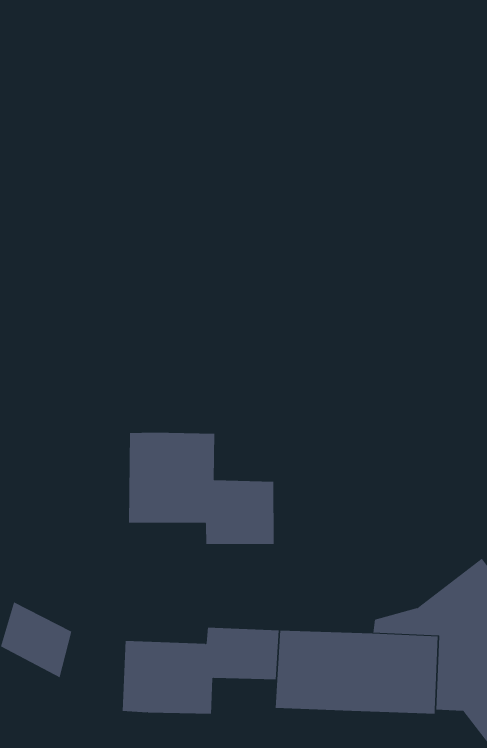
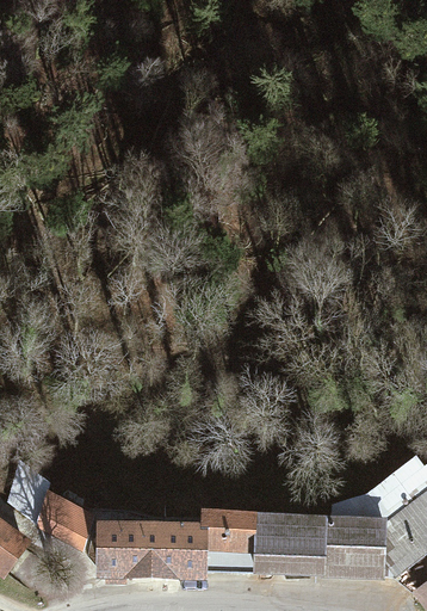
building: [129,432,274,545] -> none
building: none -> [92,517,134,575]

